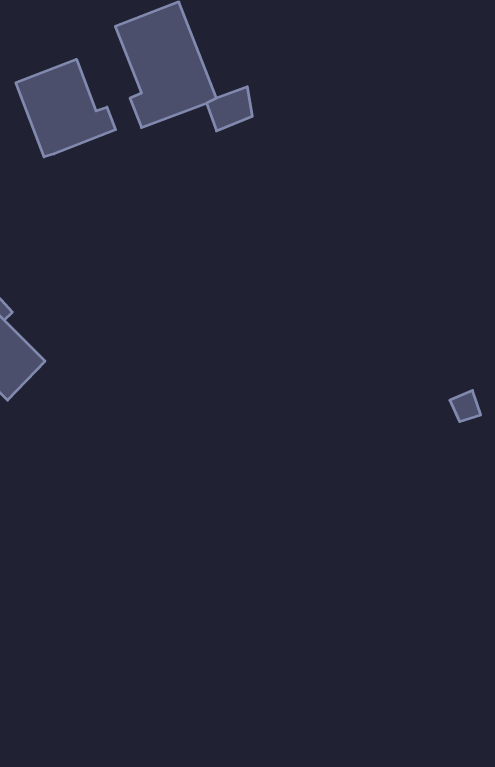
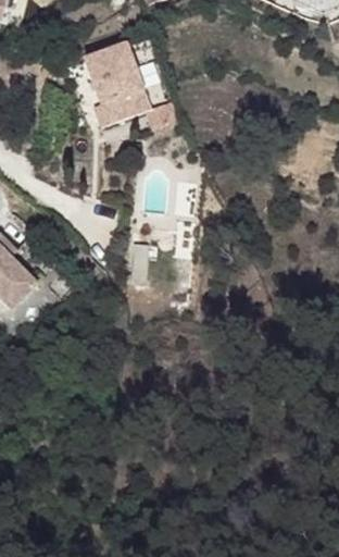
building: [16,59,116,157] -> none

